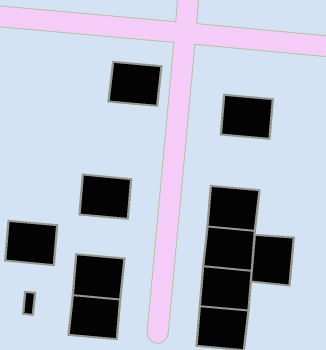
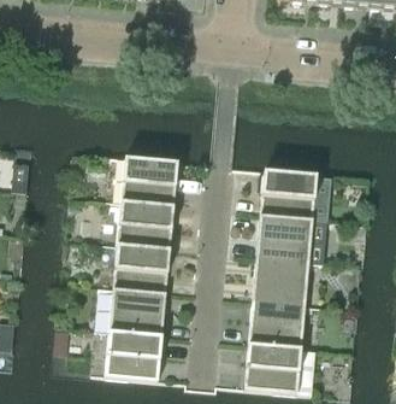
building: [109,62,162,106] -> [120,158,178,206]
building: [221,95,273,139] -> [260,170,317,218]
building: [5,221,57,265] -> [113,245,170,293]
building: [251,235,294,285] -> none

